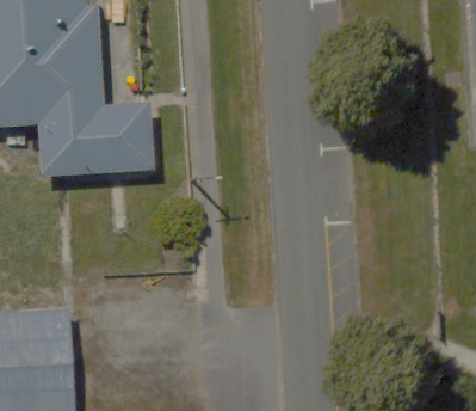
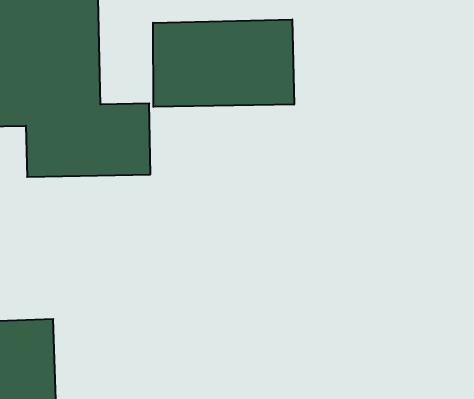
building: none -> [153,19,294,107]

